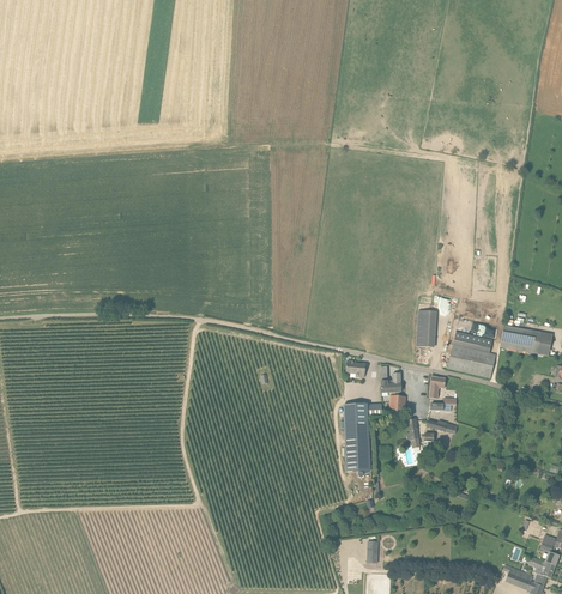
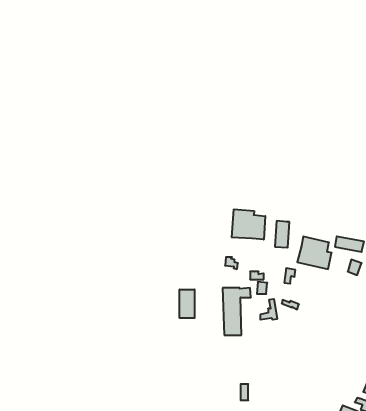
building: none -> [232,209,265,240]
building: none -> [180,289,195,318]

